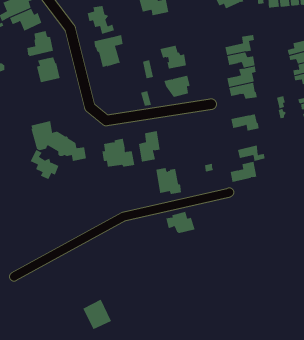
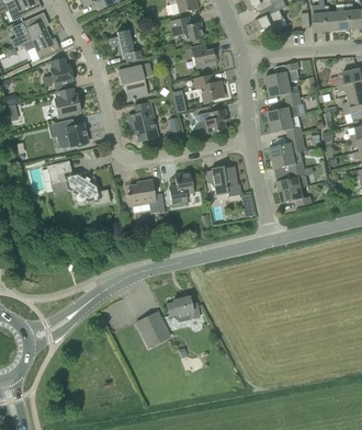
building: none -> [188,44,216,67]
building: none -> [129,100,157,140]
building: none -> [55,118,87,148]
building: none -> [270,133,304,157]
building: [30,149,59,180] -> none
building: [230,161,257,183] -> [278,168,308,192]
building: [156,167,182,195] -> [211,165,240,195]
building: [165,211,195,234] -> [166,295,200,320]
building: [83,299,112,330] -> [136,310,169,346]

